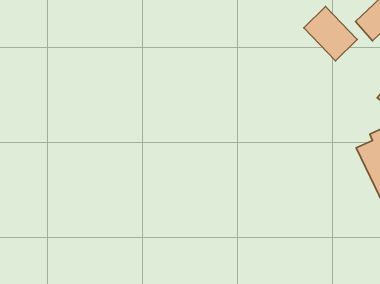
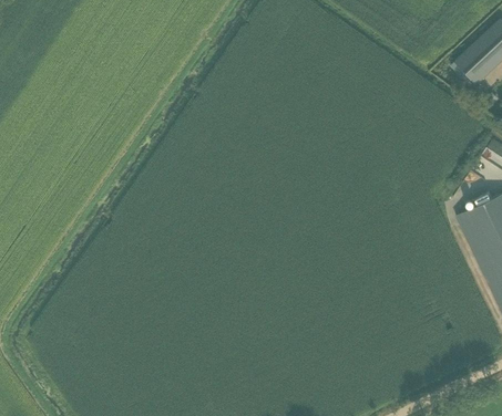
building: [304,6,357,61] -> none

